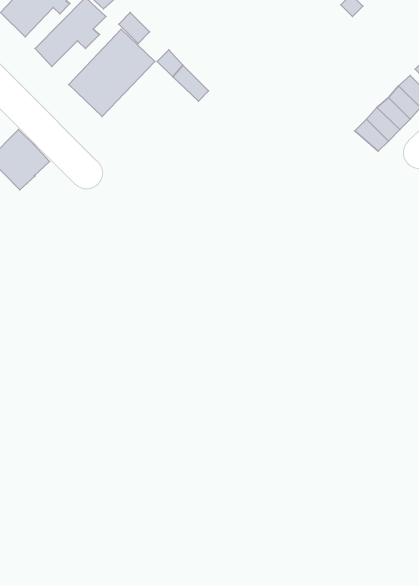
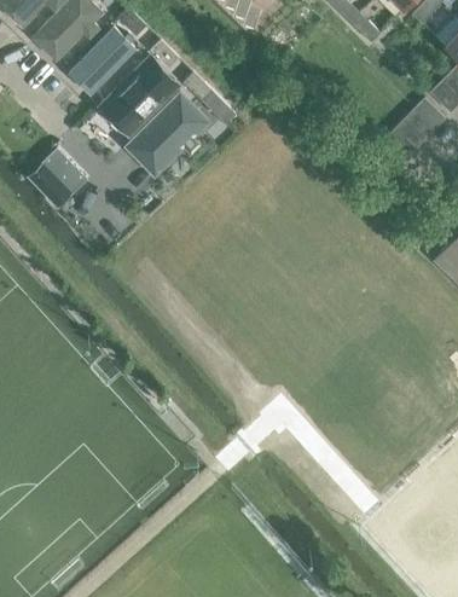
building: none -> [131,95,214,179]

